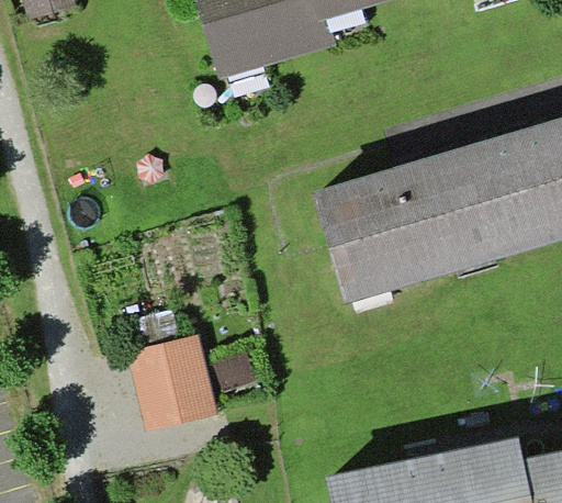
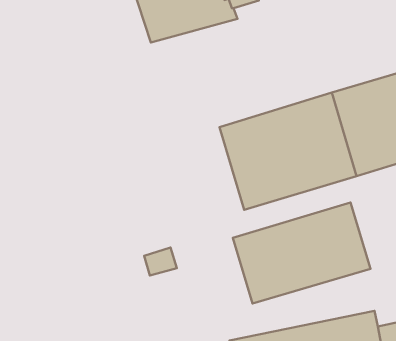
building: none -> [233,203,371,303]
building: [130,335,217,429] -> none

